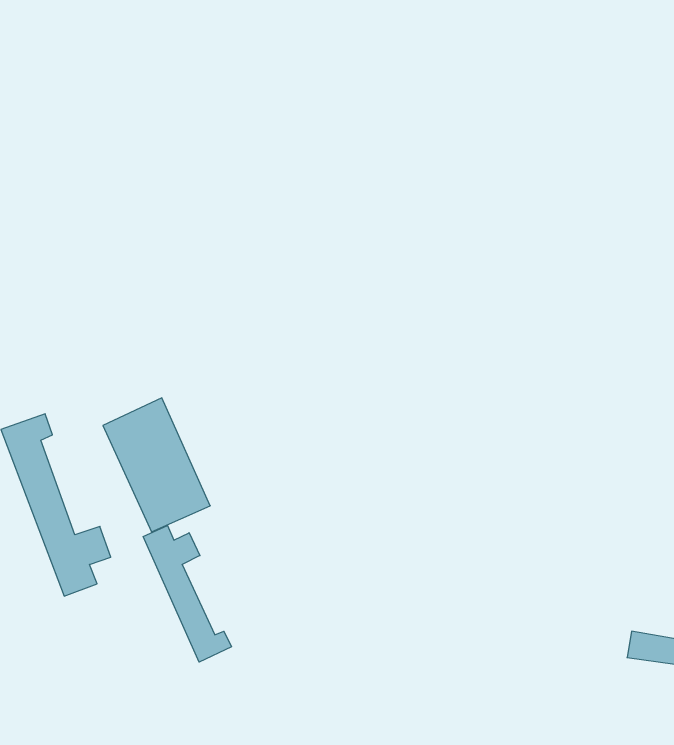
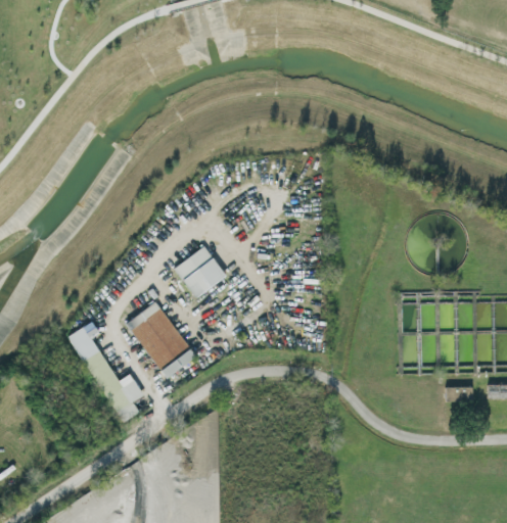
building: none -> [174,247,226,298]
building: [143,526,231,662] -> none

